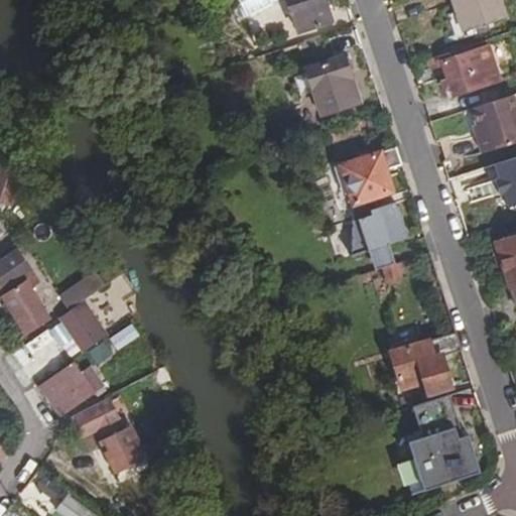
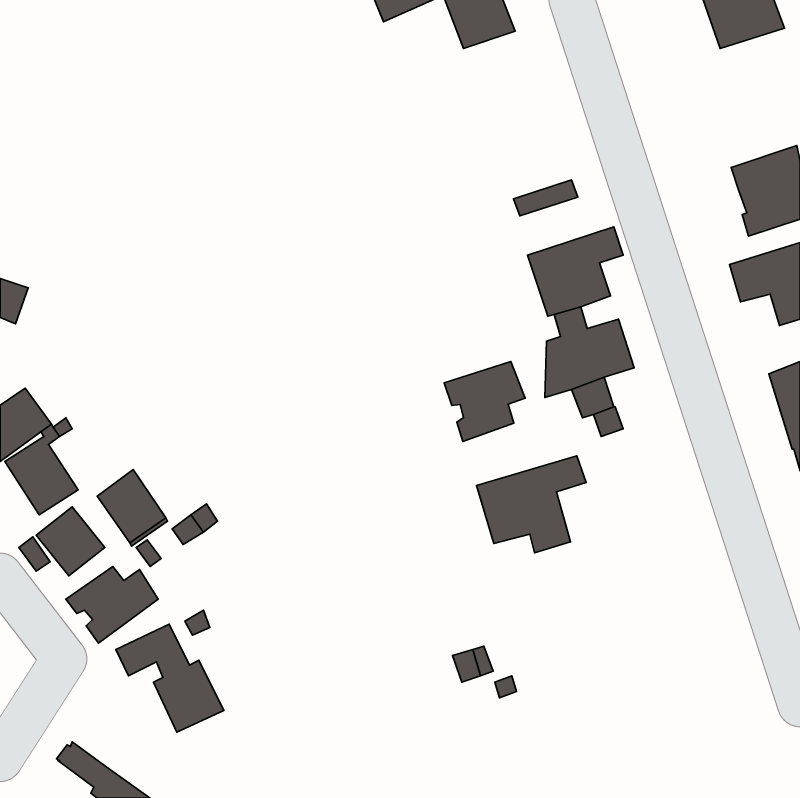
building: [429,45,499,94] -> none
building: [305,54,354,114] -> none
building: none -> [444,361,525,441]
building: [58,271,103,319] -> none
building: [391,332,462,394] -> [477,456,586,553]
building: [402,396,474,492] -> none

